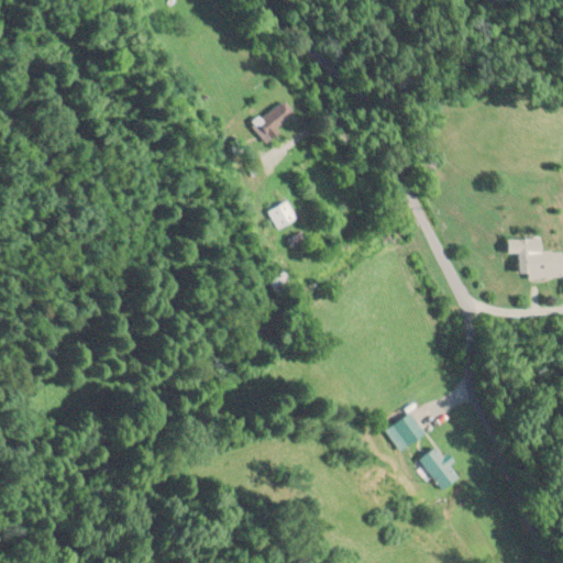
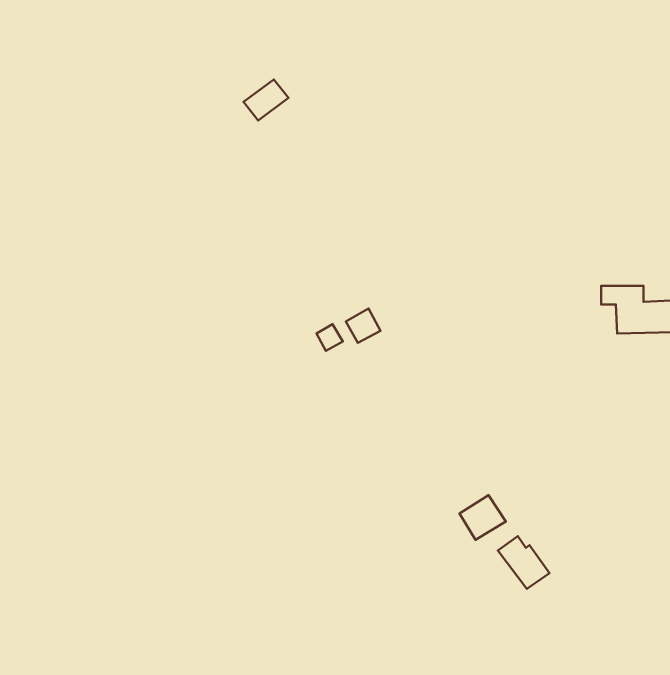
building: [256,103,294,137] -> [243,79,289,120]
building: [269,200,298,229] -> [346,308,380,343]

